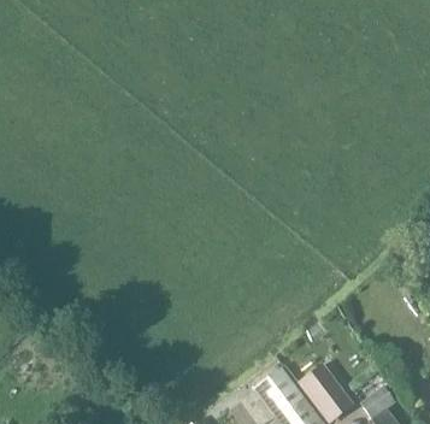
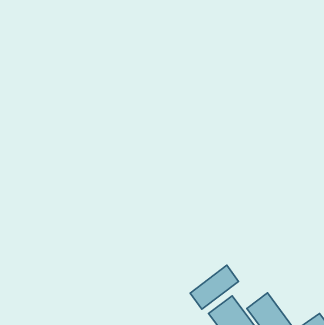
building: none -> [190,265,239,309]

